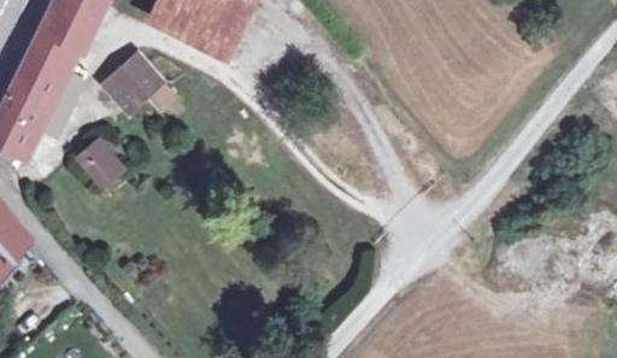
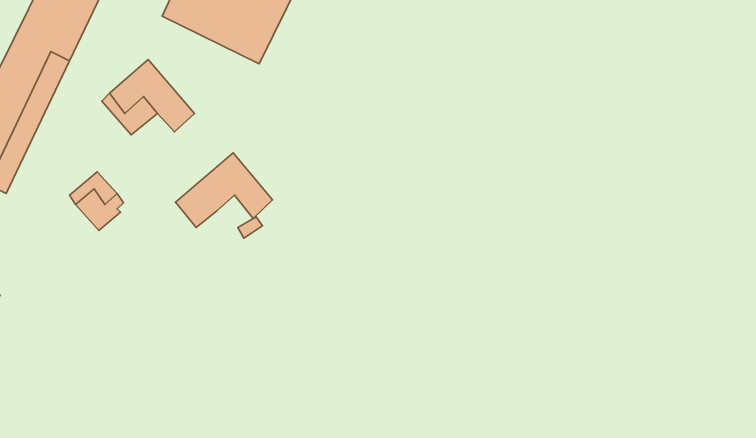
building: none -> [176,153,273,227]

